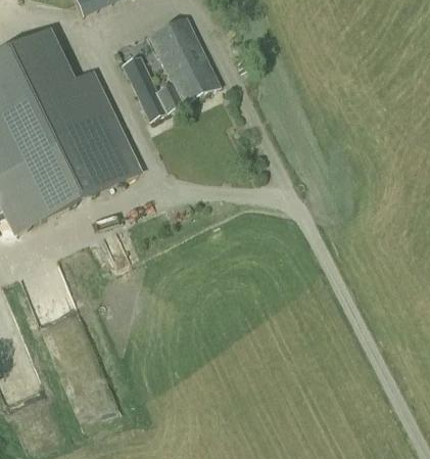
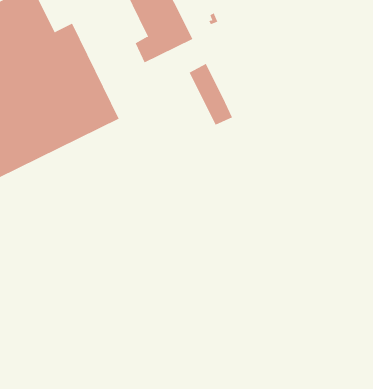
building: [122,52,169,119] -> [189,63,233,125]

